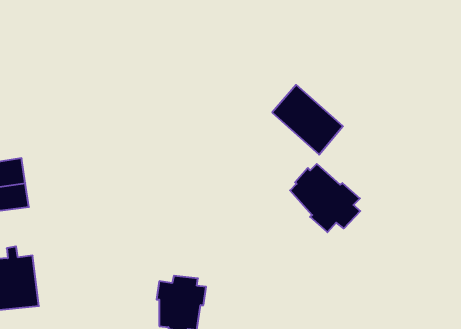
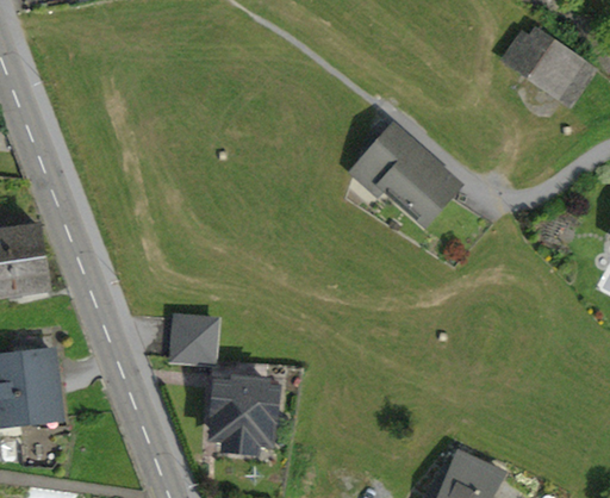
building: none -> [504,30,595,107]
building: [290,164,360,232] -> none
building: none -> [173,319,214,363]

